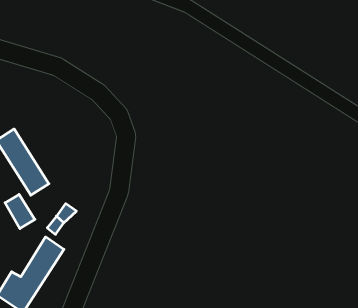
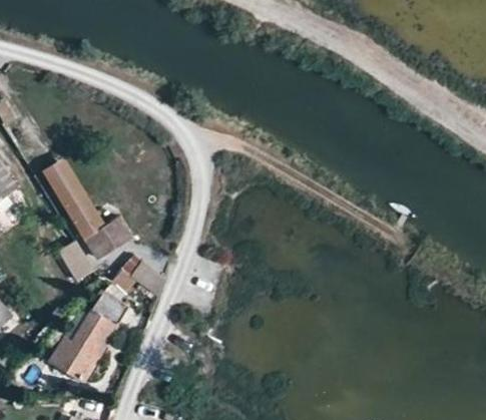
building: none -> [85,219,134,264]

